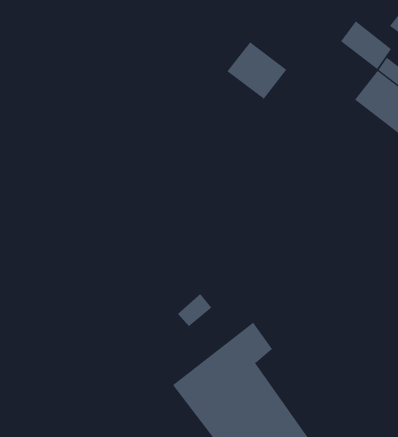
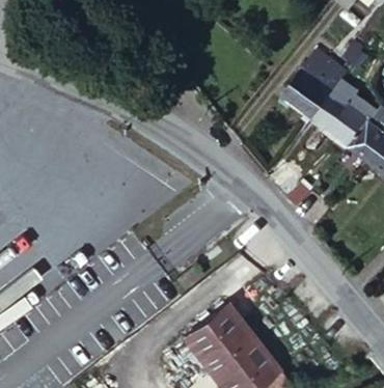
building: [227,41,287,100] -> [284,68,333,115]

